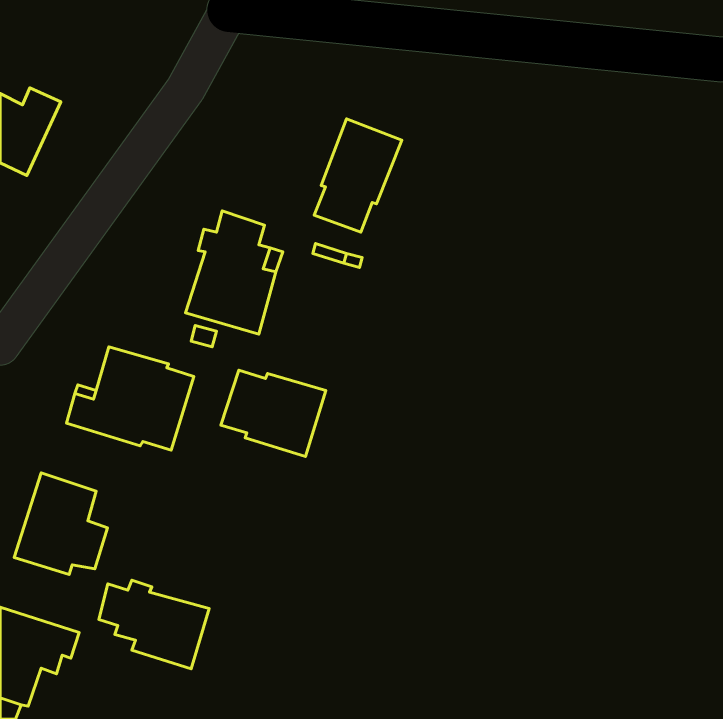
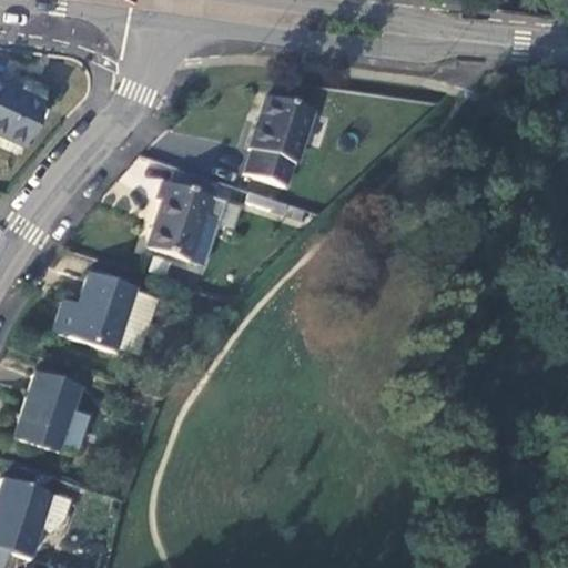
building: [221,370,326,456] -> none
building: [99,580,209,669] -> none

